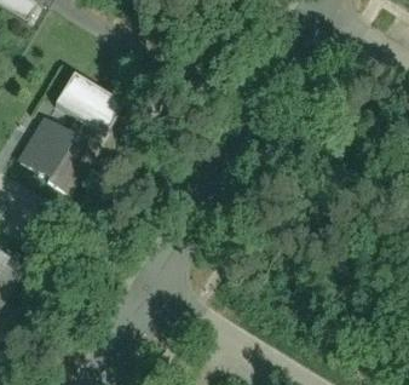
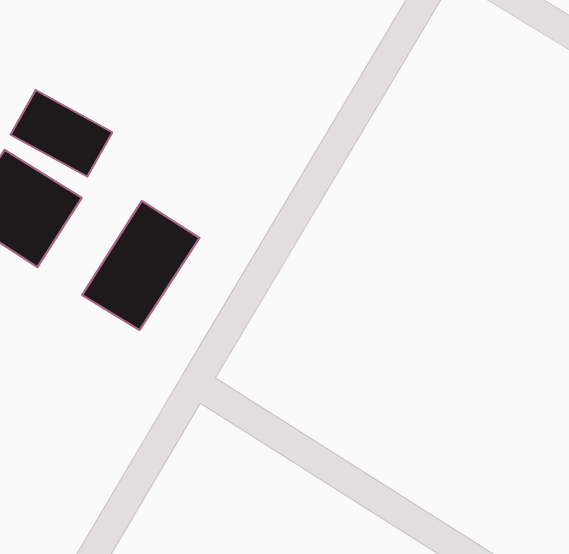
building: none -> [82,201,199,330]

